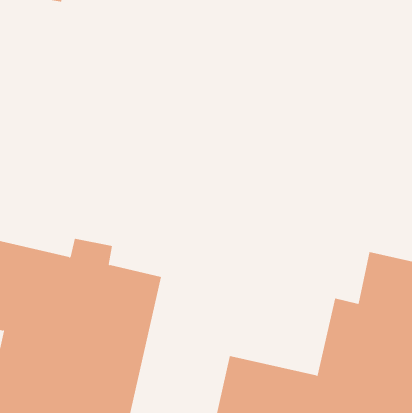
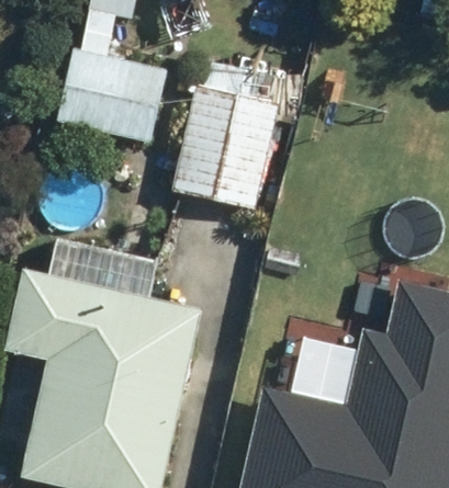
building: none -> [52,44,166,145]
building: none -> [170,60,278,209]

